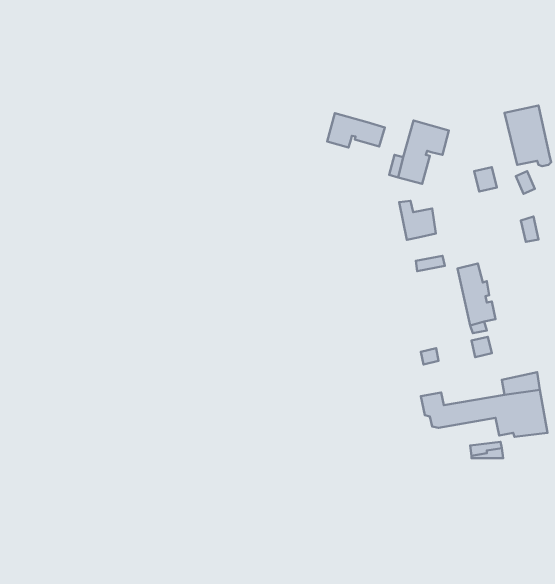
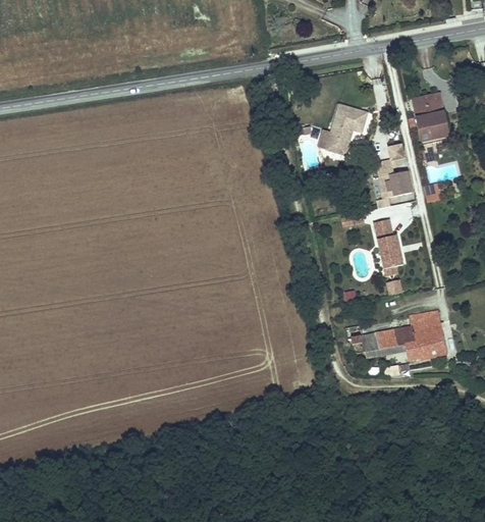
building: [327,113,385,148] -> none
building: [399,201,436,240] -> [380,165,410,197]

